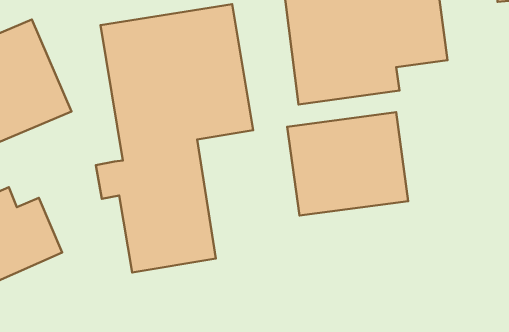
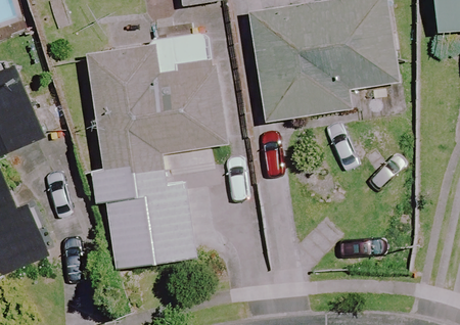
building: [287,112,408,216] -> none

